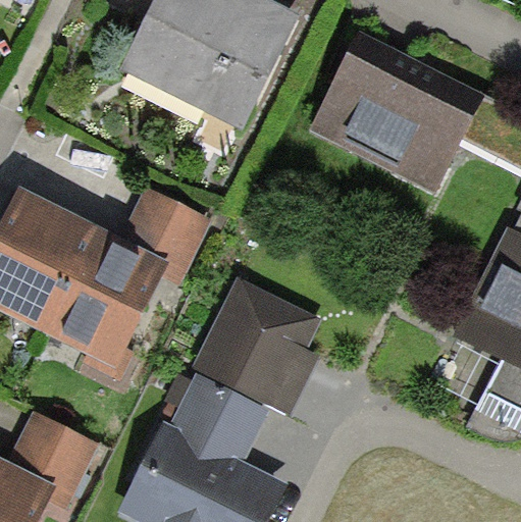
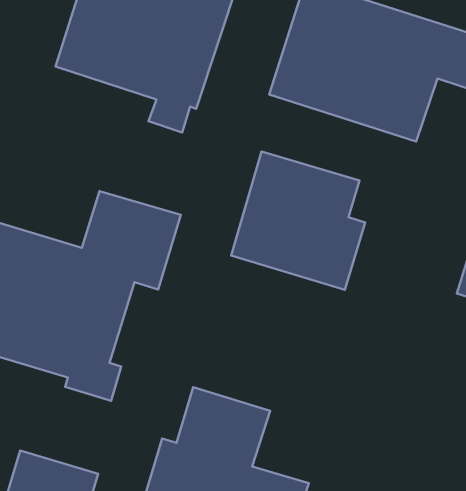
building: [195,277,322,415] -> [231,152,365,290]

